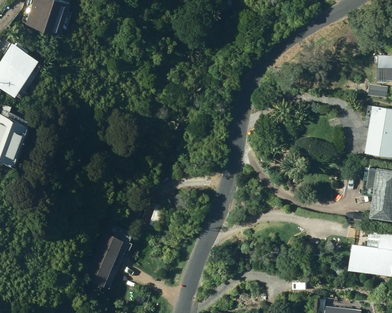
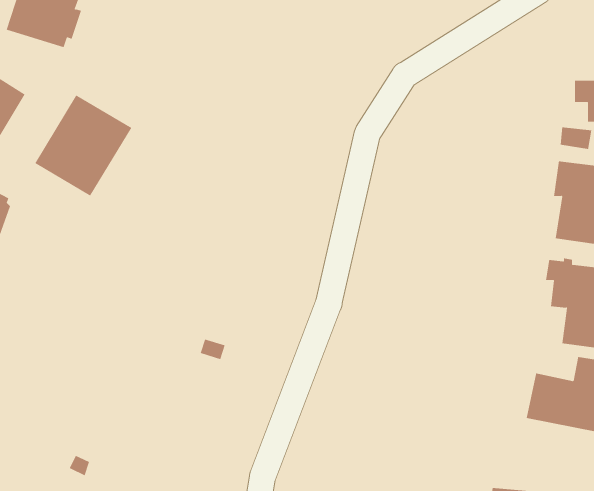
building: none -> [34,95,132,196]
building: [85,230,123,284] -> none

